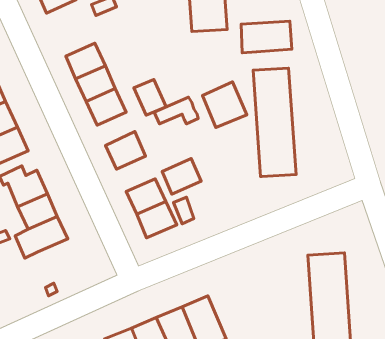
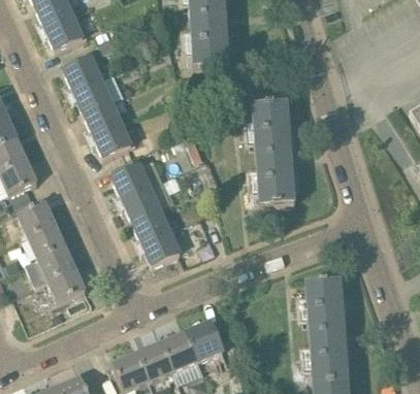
building: none -> [63,55,101,91]
building: [241,21,292,53] -> none
building: [134,80,166,115] -> none
building: [202,82,247,128] -> none
building: [162,159,201,194] -> [122,187,159,221]
building: none -> [46,266,85,301]

